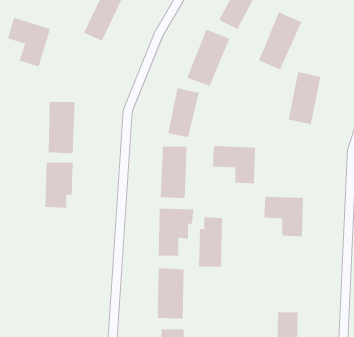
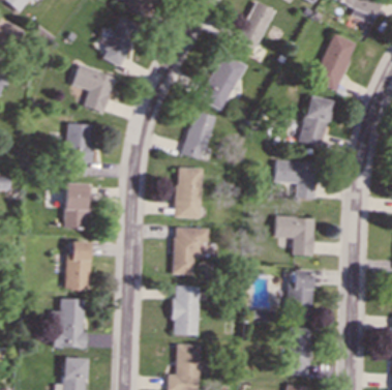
building: [258,12,302,70] -> [313,33,356,90]
building: [7,17,51,67] -> [72,64,115,113]
building: [212,145,256,184] -> [275,161,318,199]
building: [198,217,223,267] -> [290,270,313,319]
building: none -> [65,241,90,290]
building: none -> [54,299,87,348]

